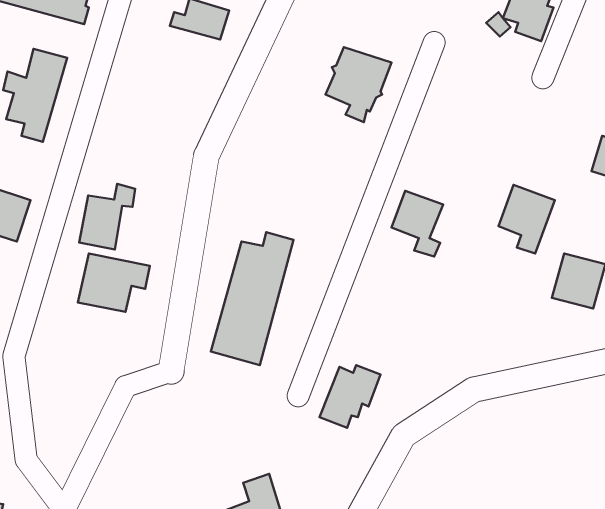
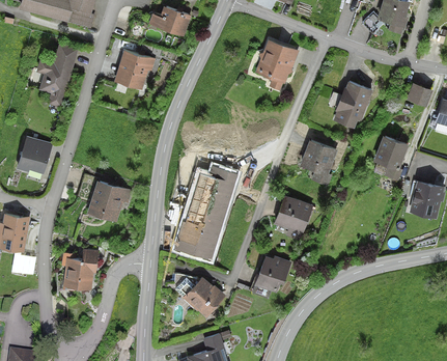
building: none -> [118,52,153,86]
building: none -> [333,80,373,126]
building: none -> [406,82,431,108]
building: [79,184,135,250] -> none
building: none -> [274,192,314,235]
building: none -> [62,249,96,291]
building: none -> [185,275,226,316]

